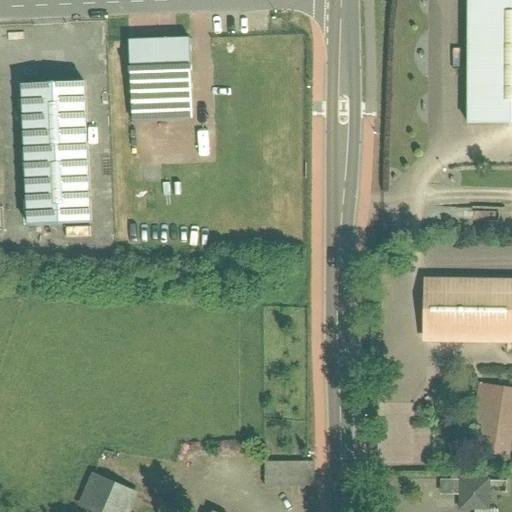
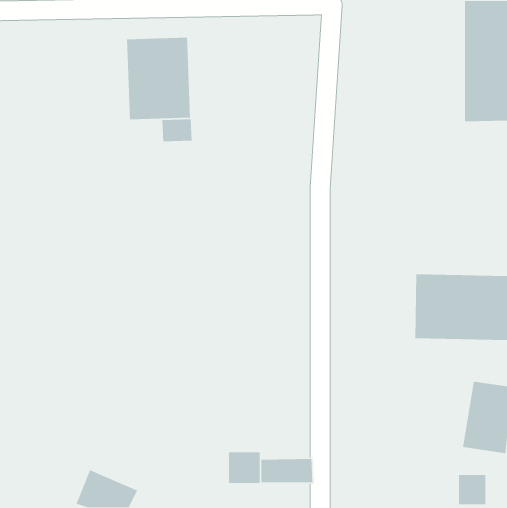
building: [18,79,91,226] -> none
building: none -> [162,119,192,142]
building: none -> [228,451,260,484]

